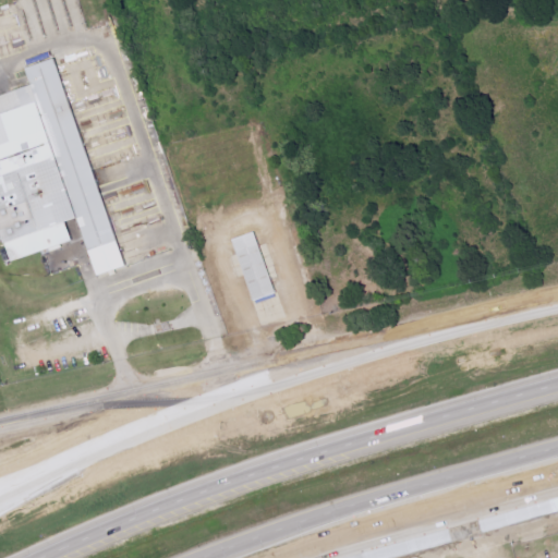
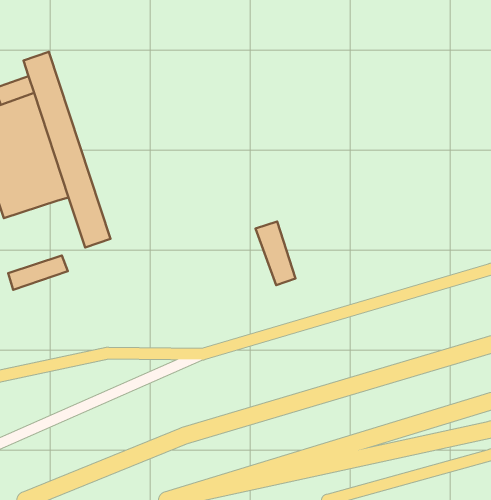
building: [4,223,71,262] -> [8,256,68,290]
building: [228,231,272,302] -> [256,222,296,285]

